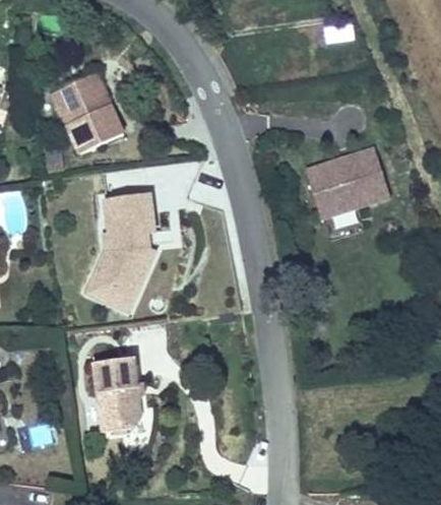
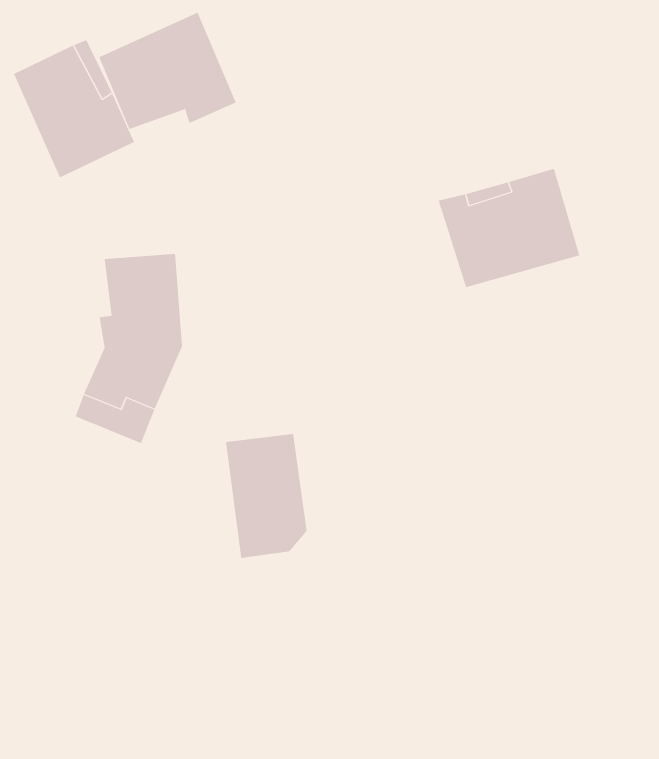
building: none -> [99,12,237,130]
building: [93,355,142,429] -> [225,433,307,558]

